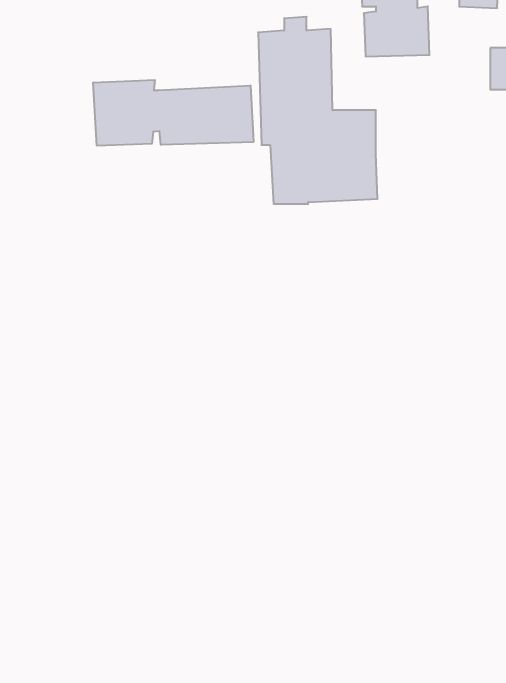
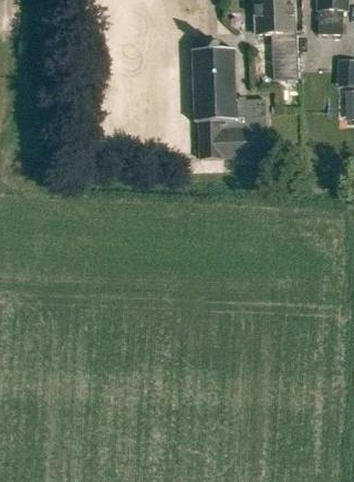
building: [93,80,253,146] -> none

